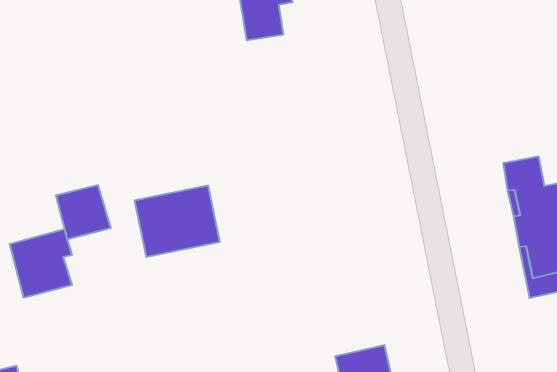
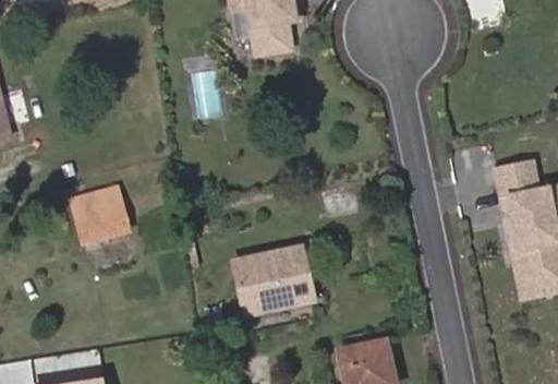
building: [135,186,220,257] -> [232,244,313,312]
building: [10,229,72,298] -> none

